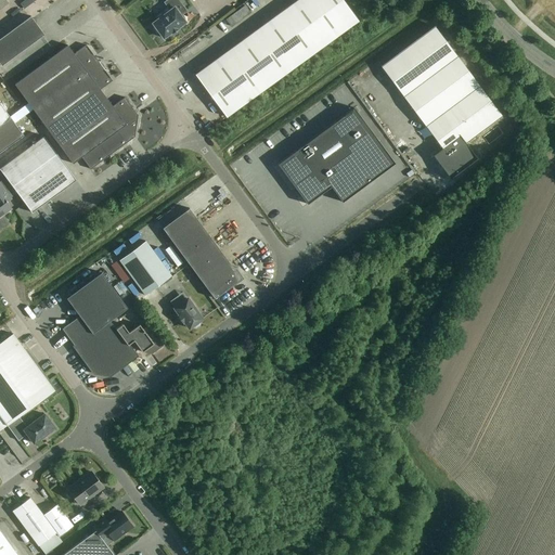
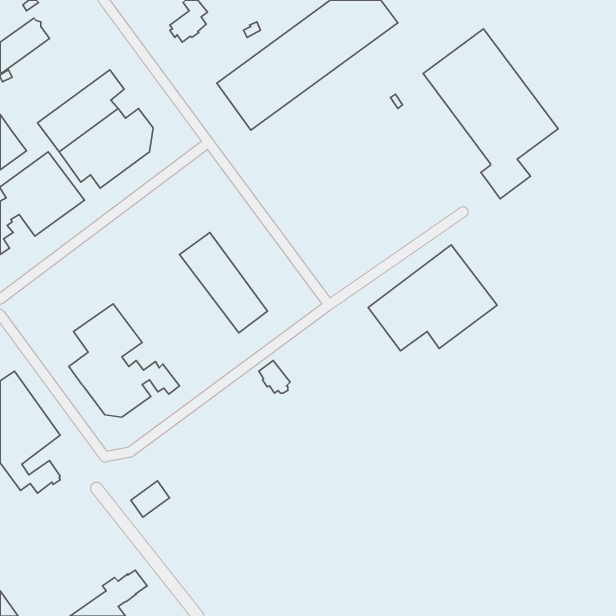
building: [14,44,99,111] -> none
building: [279,108,395,204] -> [368,245,497,351]
building: [119,242,171,296] -> none
building: [175,299,203,328] -> [259,360,290,393]
building: [68,473,103,505] -> [131,481,169,517]
building: [12,498,73,546] -> none

